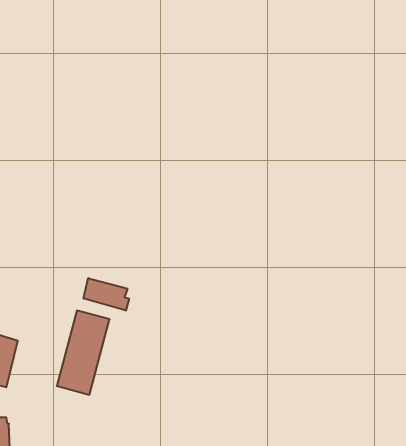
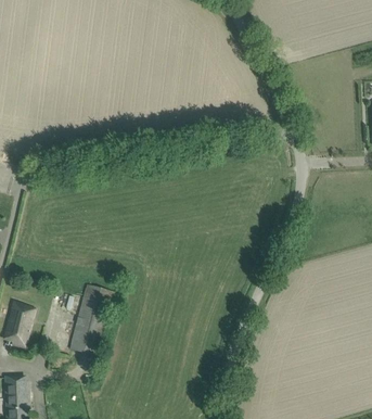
building: [84,278,129,311] -> none

